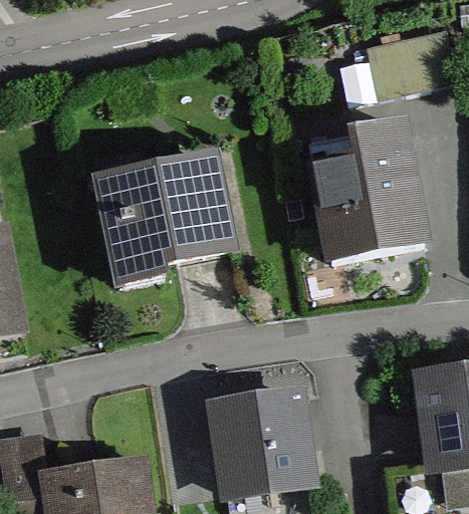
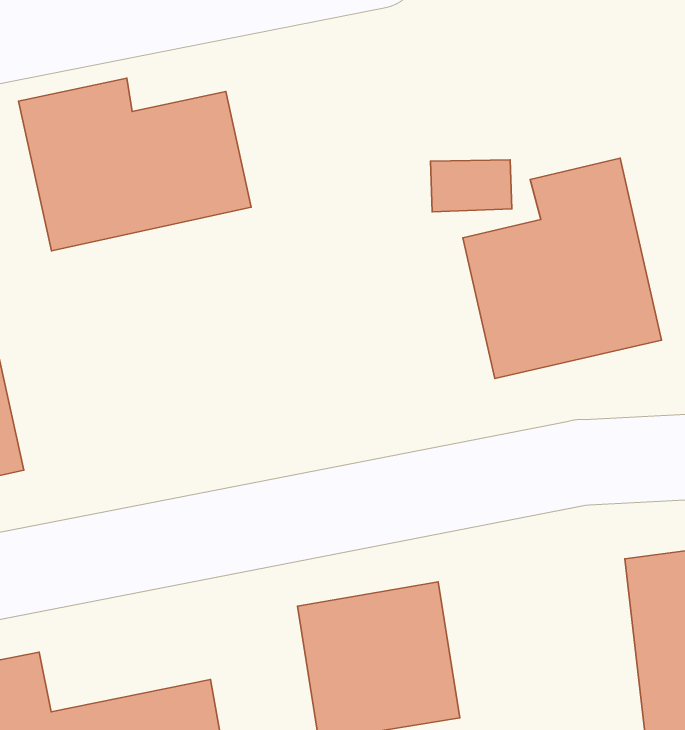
building: none -> [18,78,251,251]
building: [96,157,232,276] -> none

